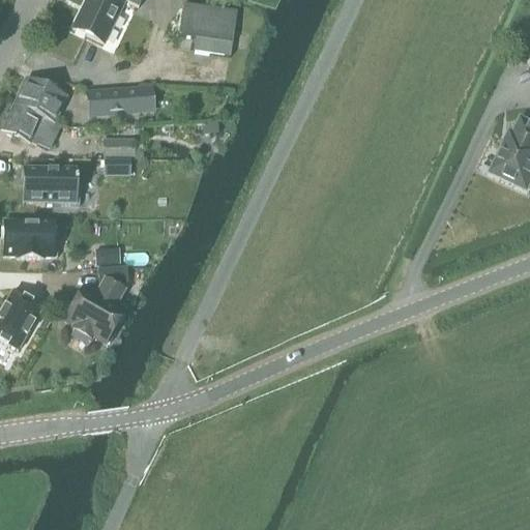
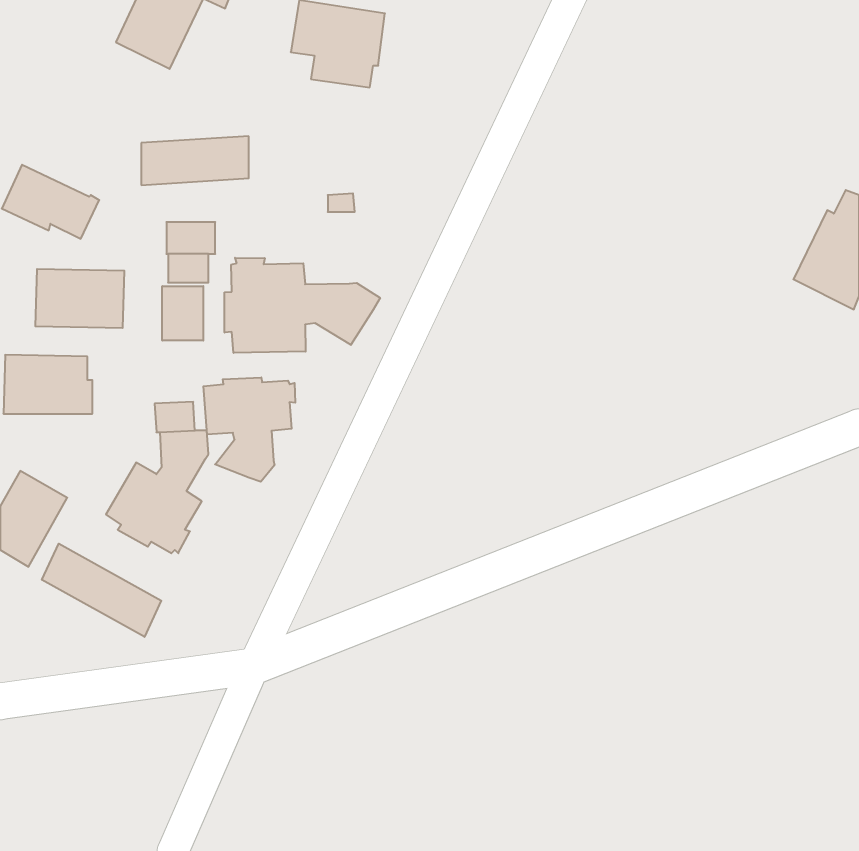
building: [13,76,67,121] -> none
building: none -> [225,258,380,353]
building: none -> [162,286,203,341]
building: none -> [203,377,295,482]
building: none -> [42,544,161,637]

